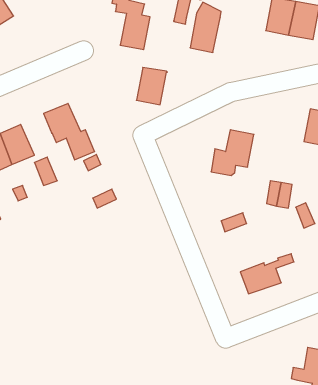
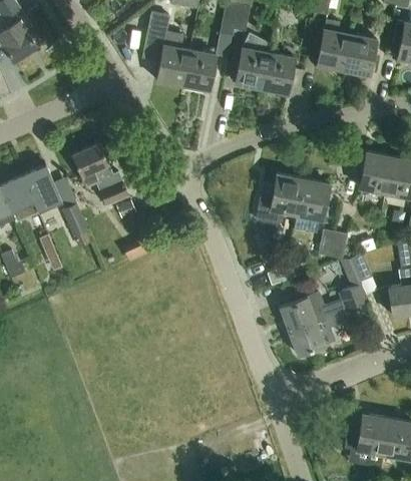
building: none -> [259,51,294,94]
building: [136,67,167,105] -> [182,50,217,91]
building: none -> [297,179,330,220]
building: none -> [281,285,366,331]

